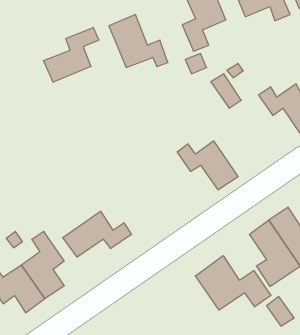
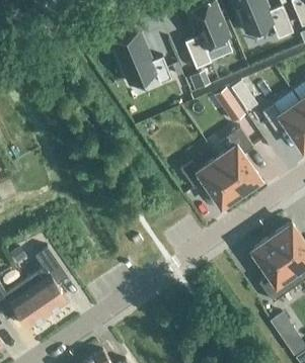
building: [43,27,99,82] -> none
building: none -> [217,126,260,192]
building: [63,211,131,257] -> none
building: [195,256,271,310] -> none

